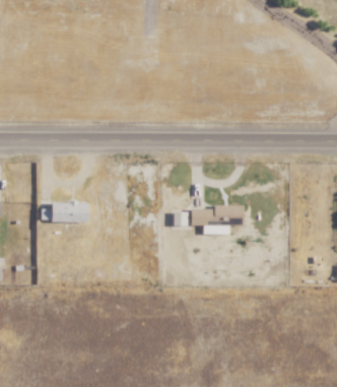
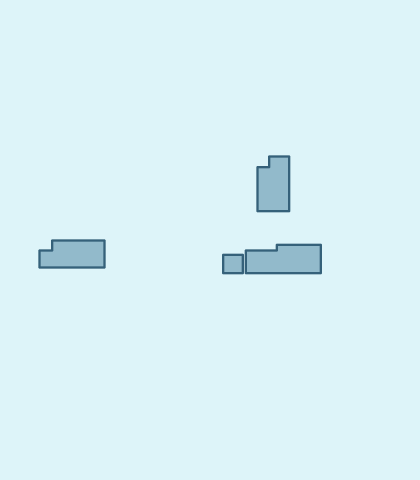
building: none -> [257,157,289,211]

